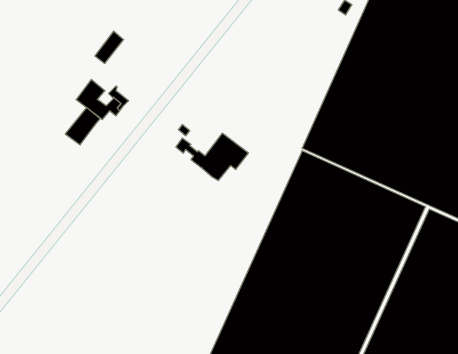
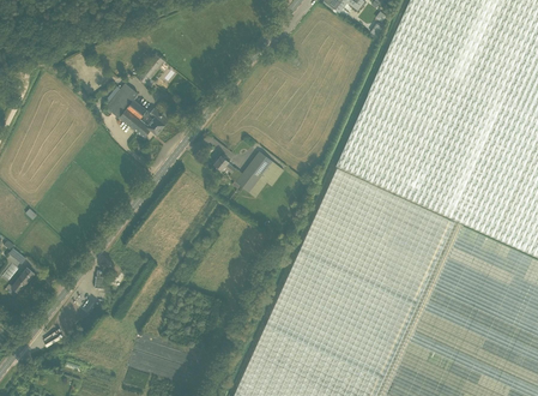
building: [65,108,100,145] -> [105,84,139,120]

